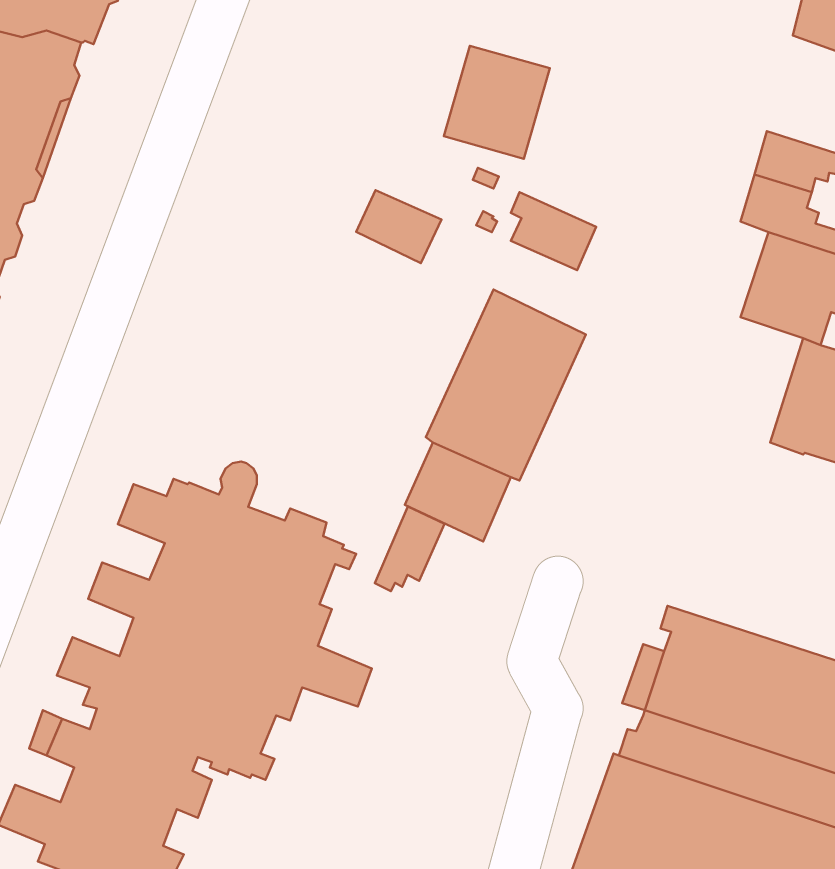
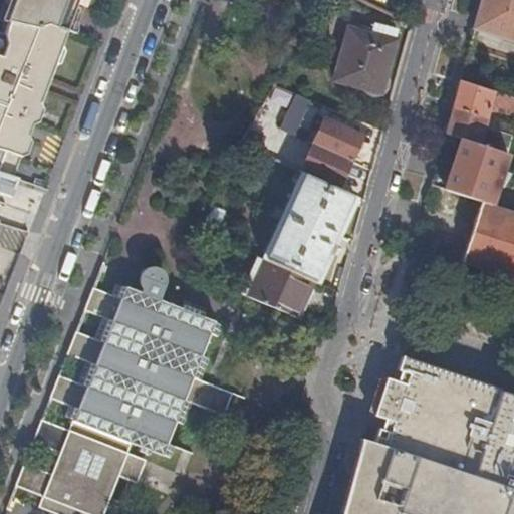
building: [444,46,550,159] -> [334,29,396,94]
building: [356,190,442,263] -> [301,146,350,188]
building: [375,506,444,591] -> none

